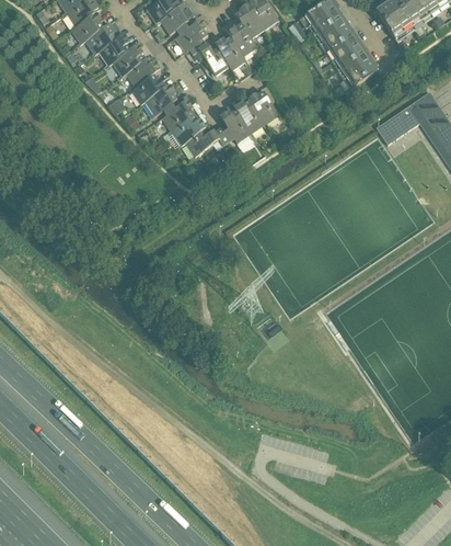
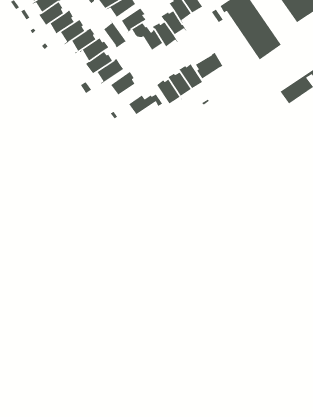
building: none -> [103,19,127,49]
building: none -> [195,50,223,80]
building: [166,116,205,145] -> none

